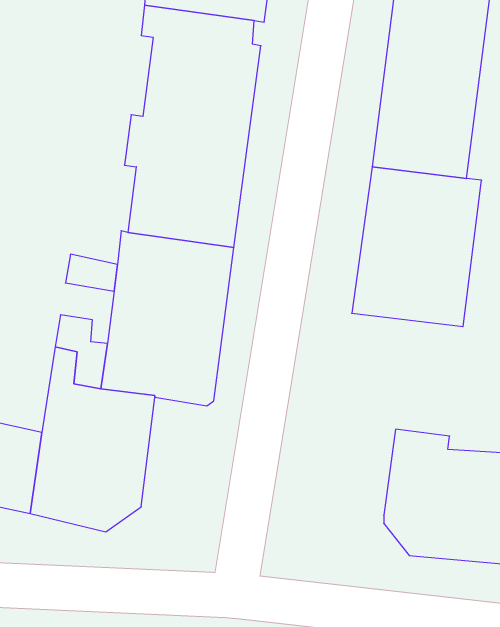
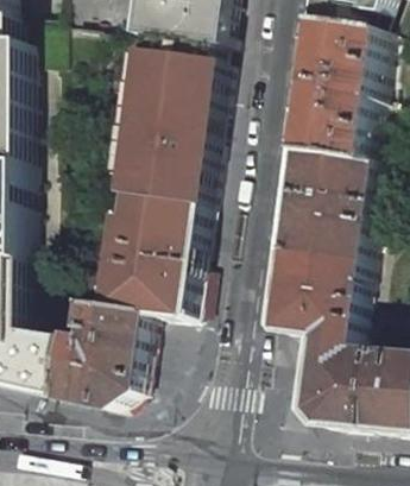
building: none -> [275,252,362,339]

